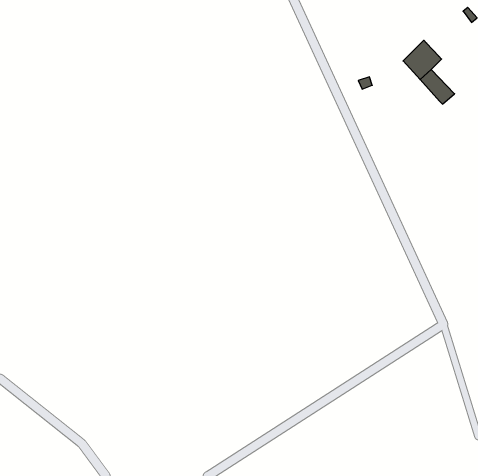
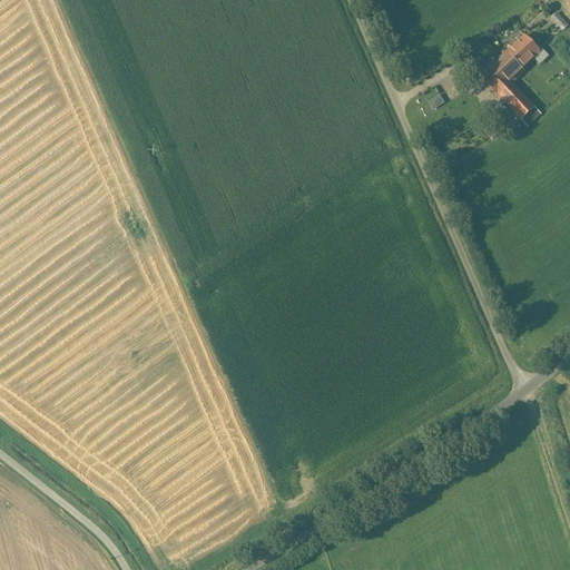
building: none -> [508,33,540,67]

